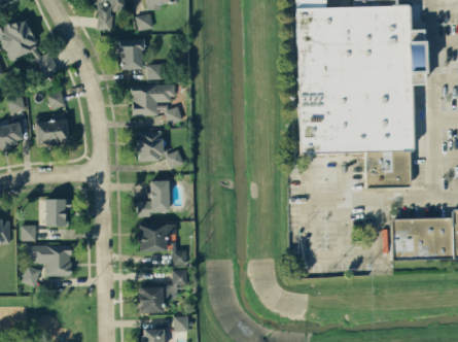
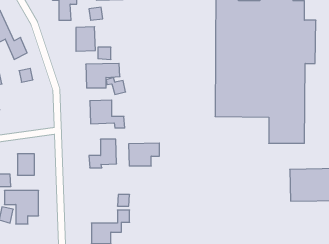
building: [36,119,69,143] -> none
building: [138,223,177,251] -> [129,143,159,166]

